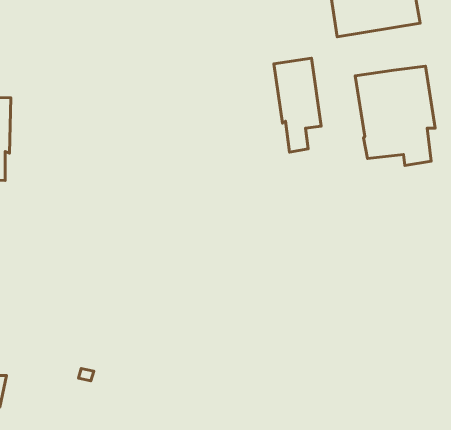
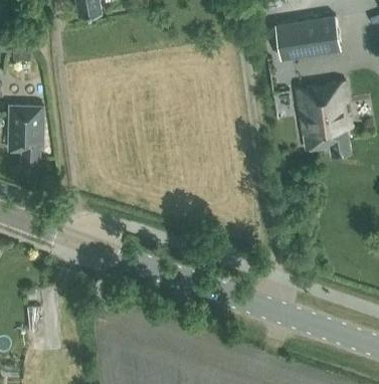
building: [274,58,321,152] -> none

